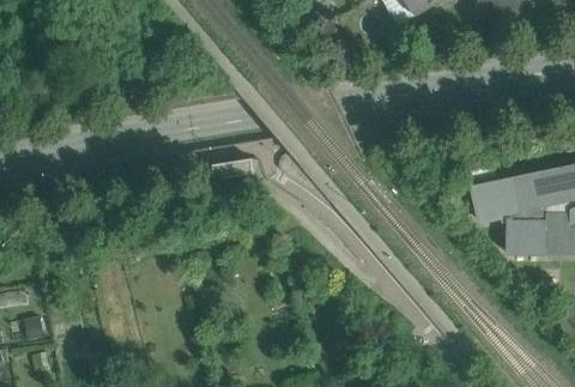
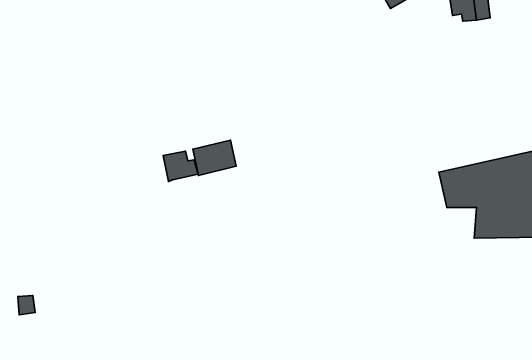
building: none -> [163,151,198,182]

